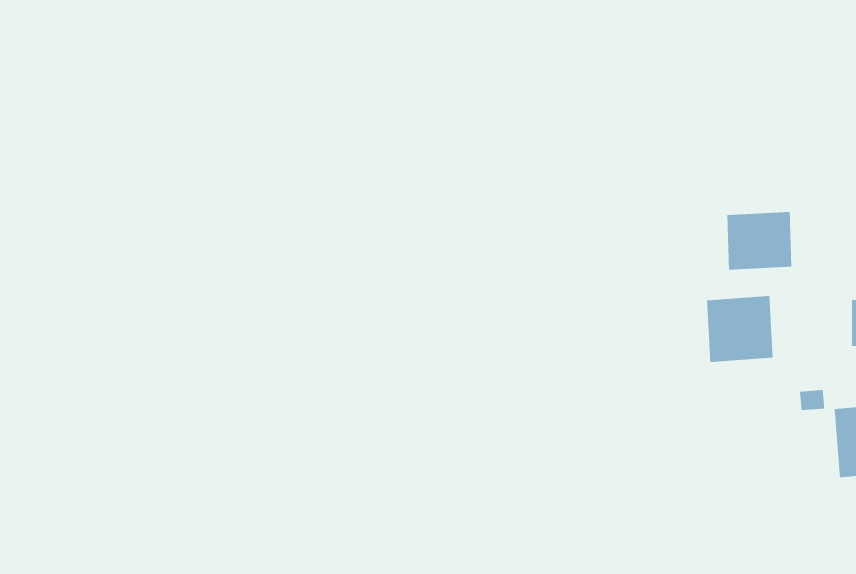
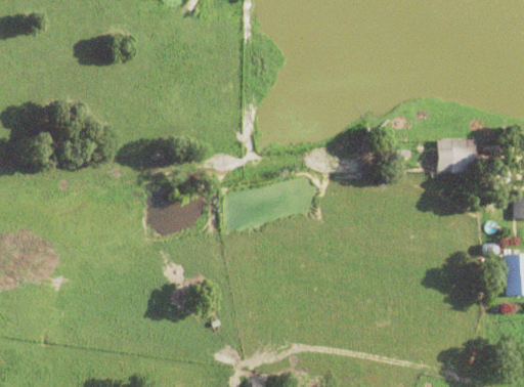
building: [706,295,773,363] -> none

